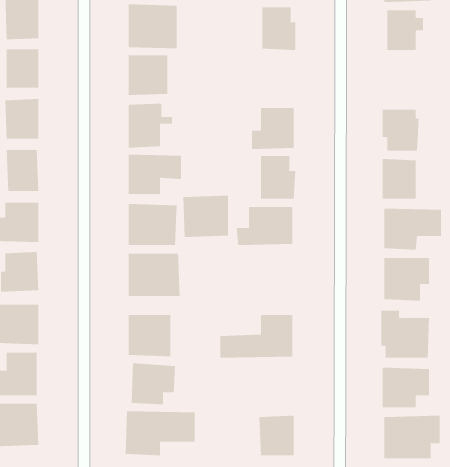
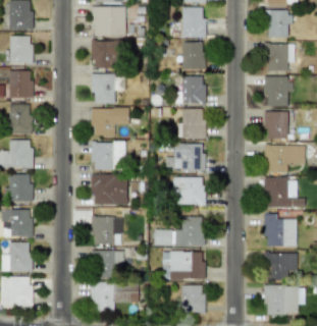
building: none -> [182,43,206,70]
building: none -> [265,44,294,71]
building: [182,195,229,237] -> [172,177,204,206]
building: none -> [161,252,204,280]

